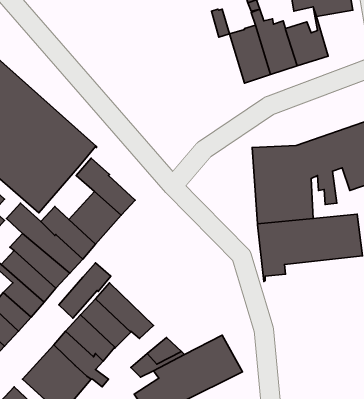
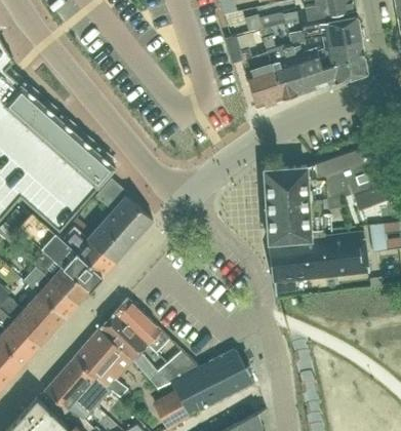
building: none -> [325,38,366,82]
building: [59,263,111,318] -> none

